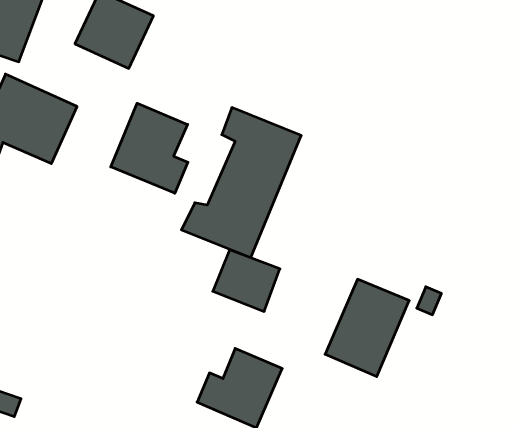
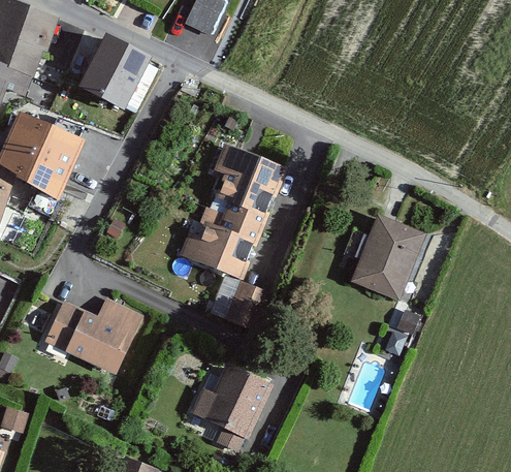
building: [111,103,188,193] -> none
building: none -> [40,298,139,375]
building: [325,279,409,377] -> [349,210,426,300]

